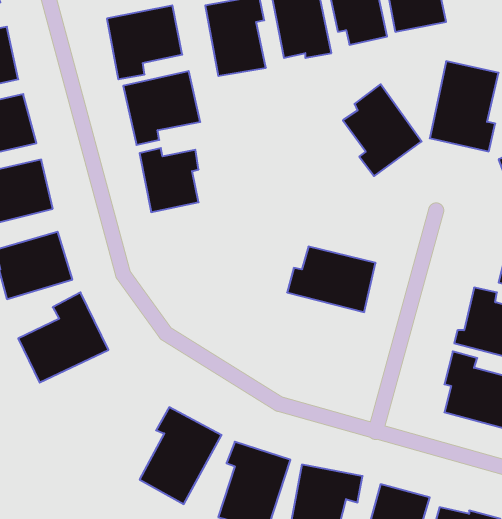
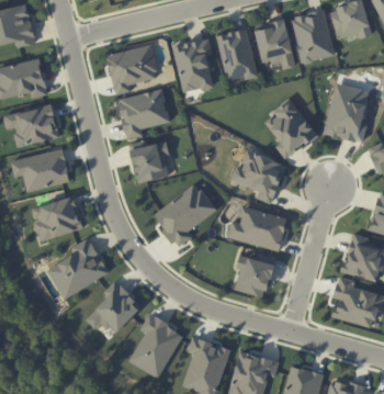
building: none -> [230,150,286,203]
building: none -> [154,183,216,248]
building: none -> [235,255,274,296]
building: none -> [87,281,142,335]

